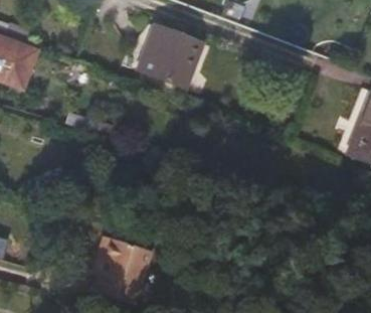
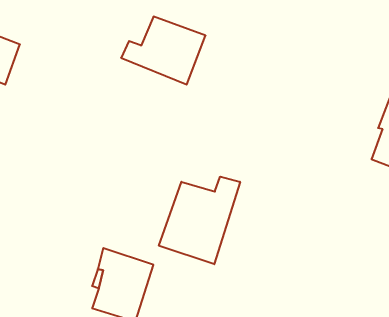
building: none -> [159,177,240,264]

